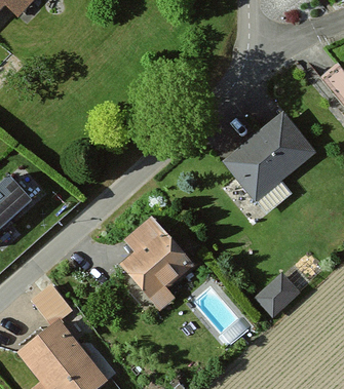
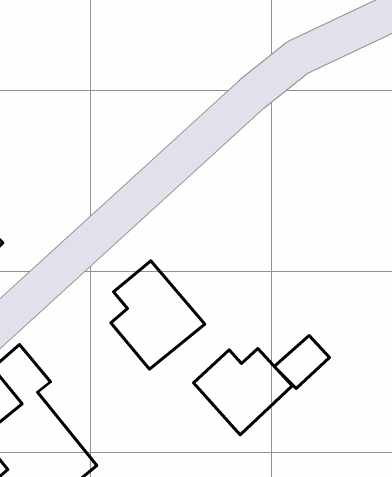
building: [221,111,315,202] -> none
building: none -> [194,349,292,435]

